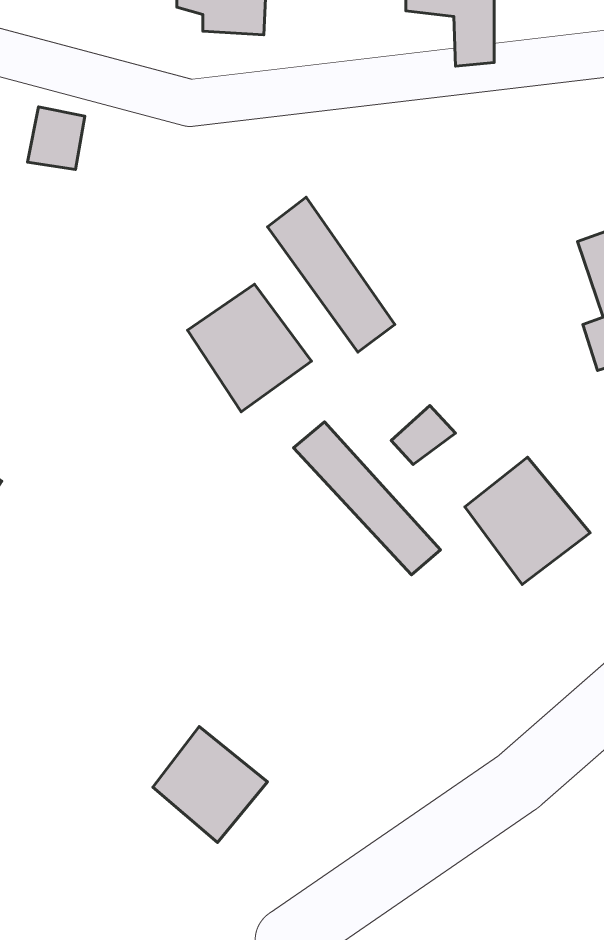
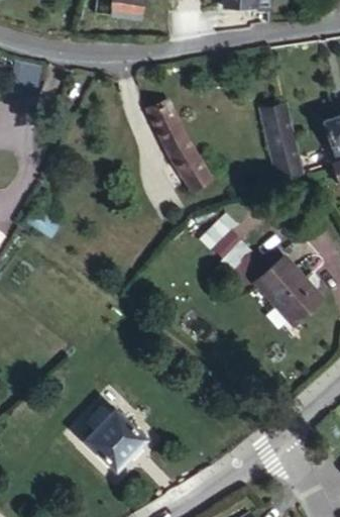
building: none -> [259,116,302,189]
building: [188,284,312,412] -> none
building: [294,422,441,575] -> none

